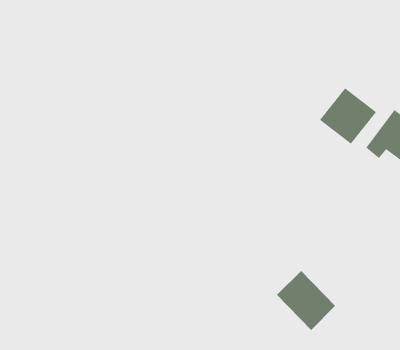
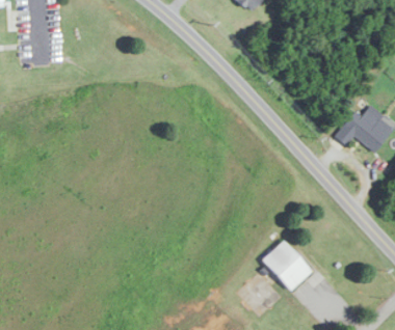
building: [319,87,377,145] -> none

